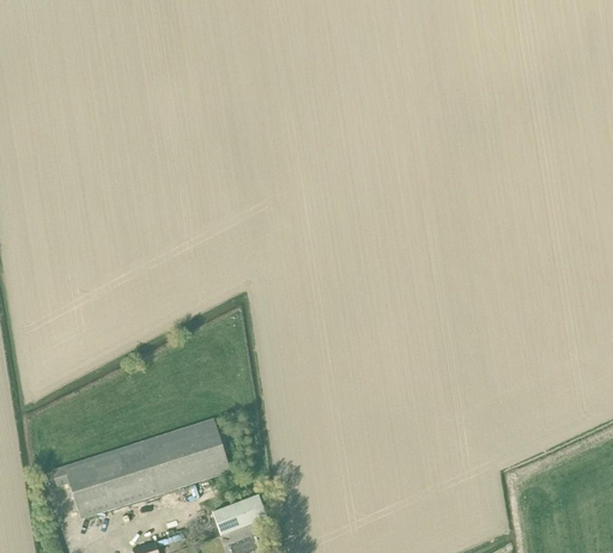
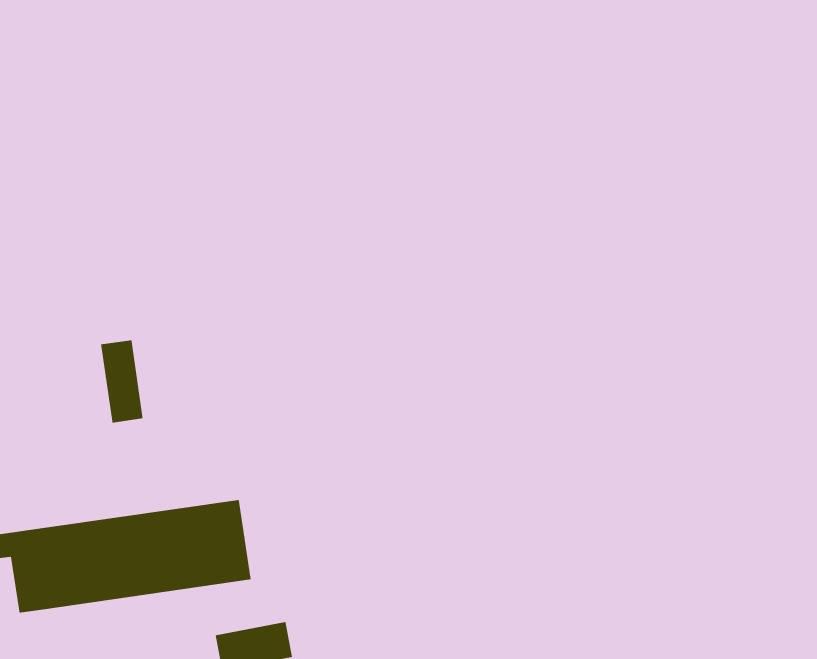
building: none -> [101,339,143,423]

